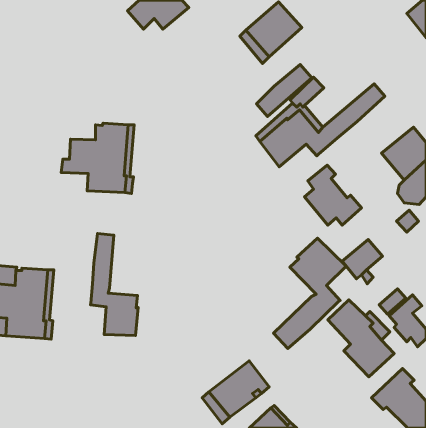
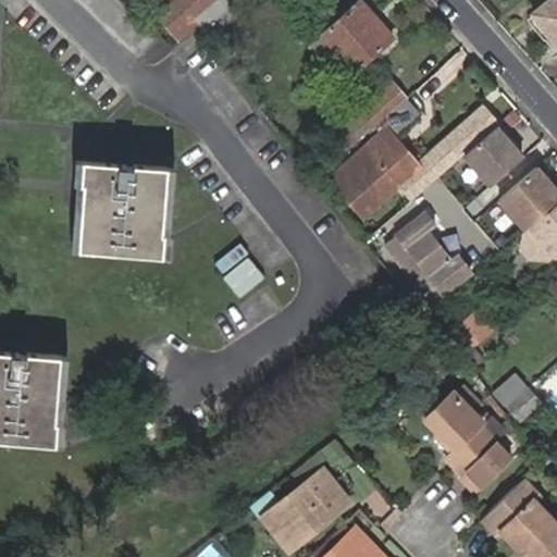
building: none -> [463,125,524,186]
building: none -> [73,157,125,248]
building: [91,234,138,336] -> none
building: [273,238,346,348] -> none

